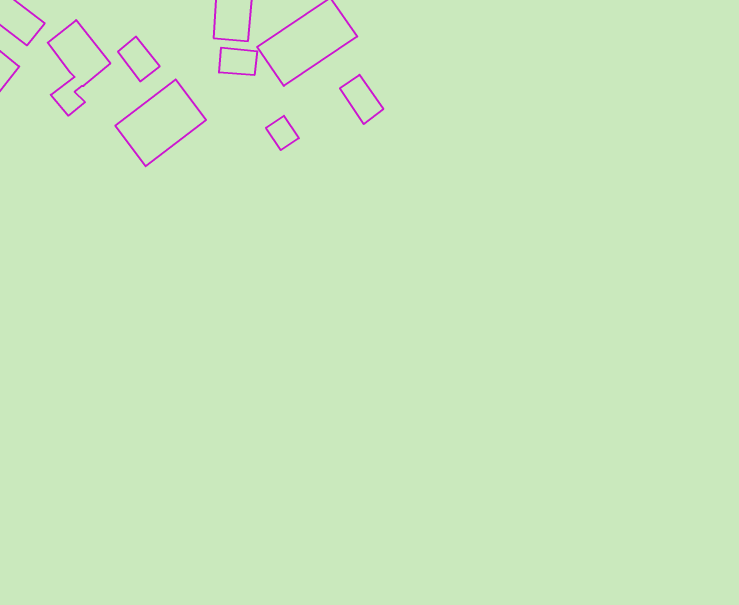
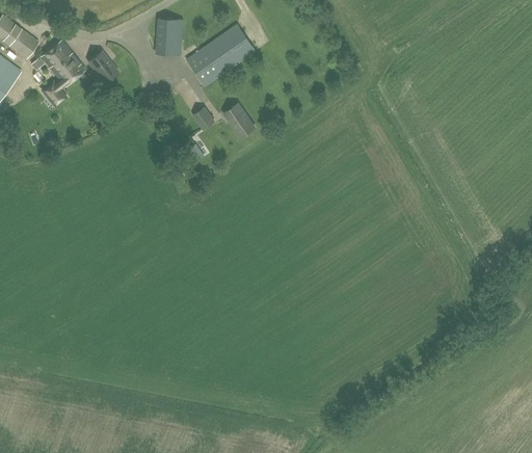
building: [219,48,257,75] -> none
building: [340,75,383,124] -> [224,103,255,137]
building: [115,79,206,166] -> none

